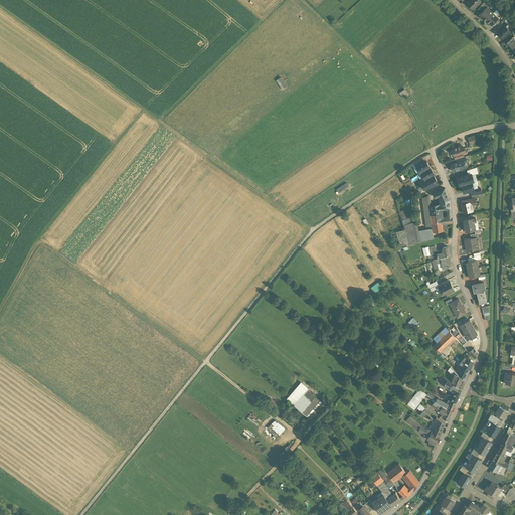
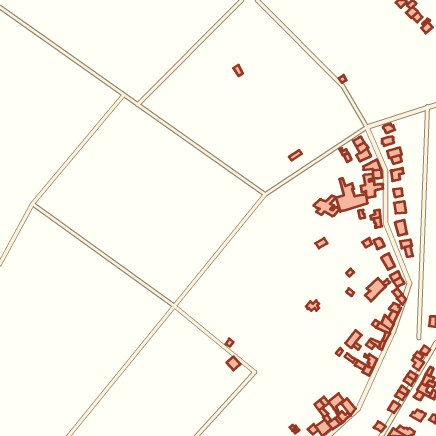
building: none -> [314,196,339,216]
building: [286,383,321,417] -> none

